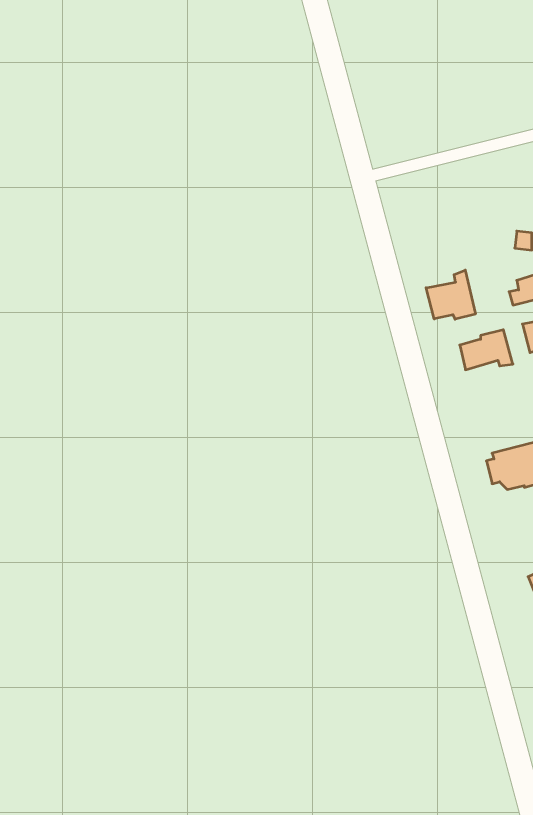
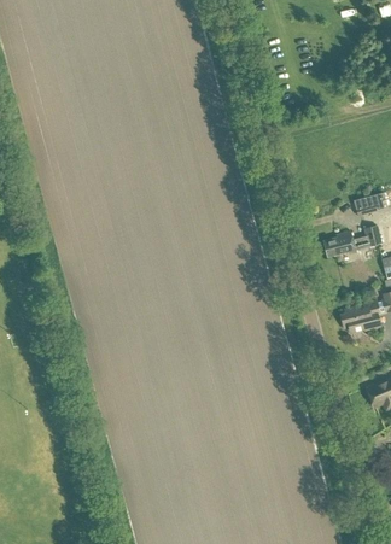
building: [426,270,475,319] -> none

